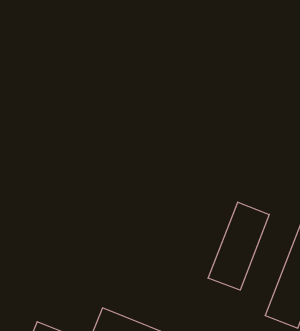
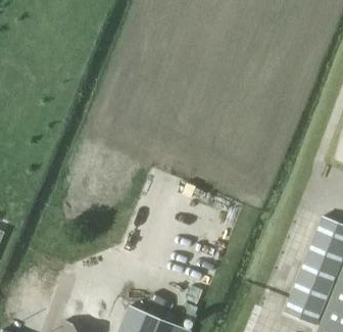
building: [208,202,269,290] -> none

